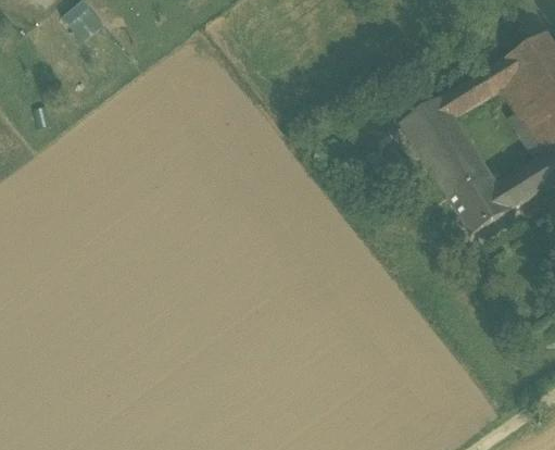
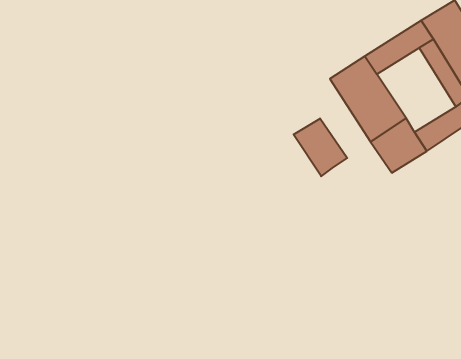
building: none -> [294,118,347,176]

